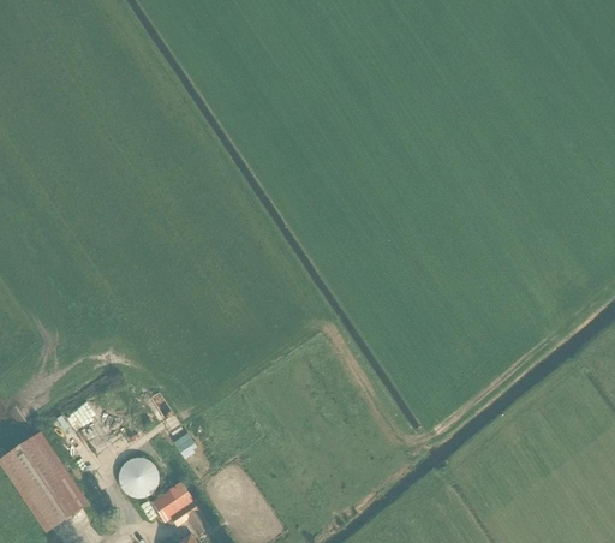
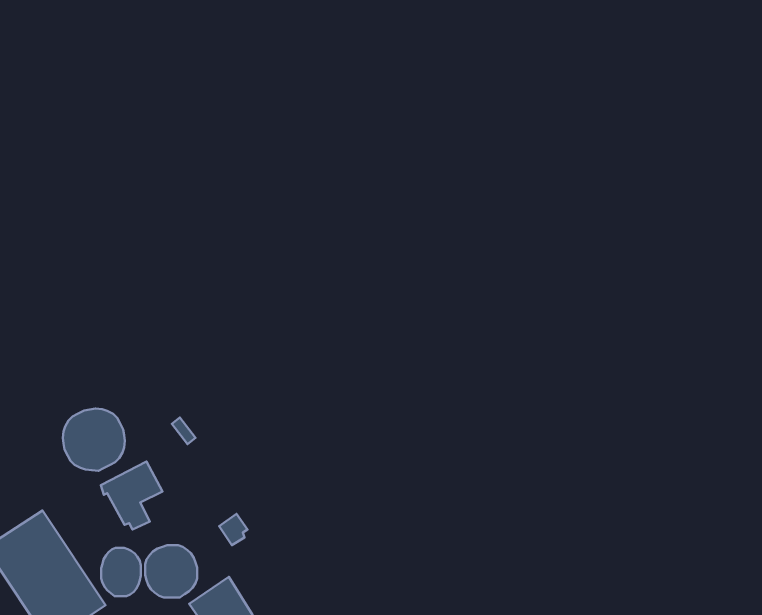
building: none -> [63,409,125,471]
building: none -> [101,548,141,596]

